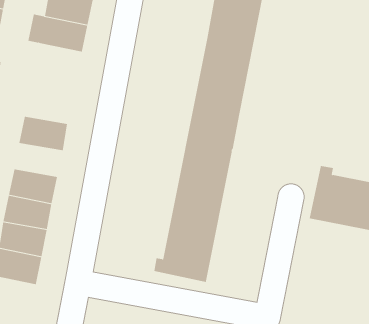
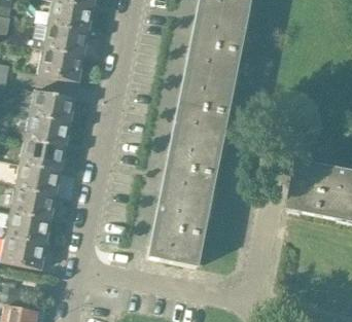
building: none -> [38,47,83,81]
building: none -> [30,90,75,121]
building: none -> [21,139,66,170]

